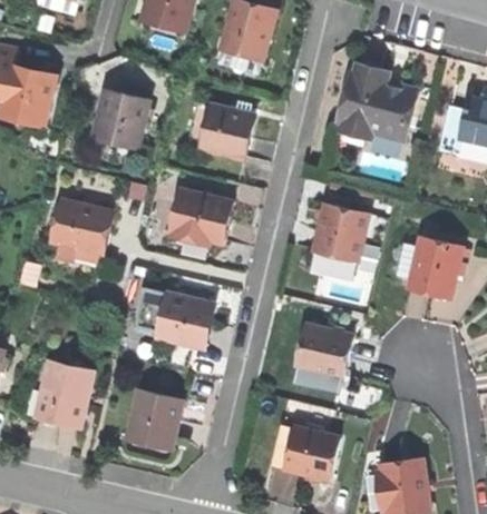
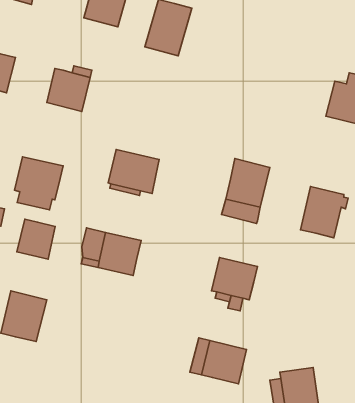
building: [339,65,417,139] -> none
building: [184,102,253,160] -> none
building: none -> [17,219,55,259]
building: [129,388,184,442] -> none

